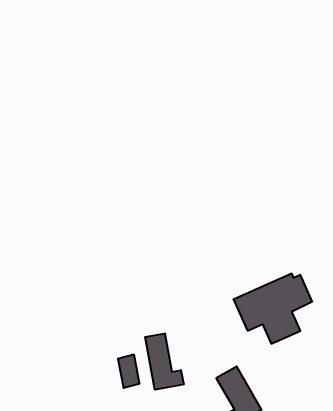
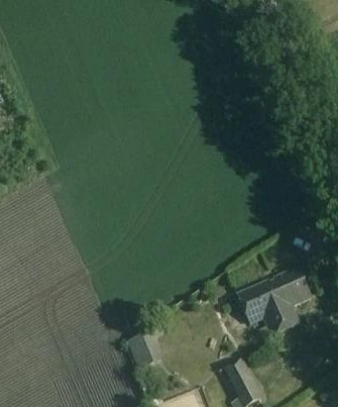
building: [145,333,184,390] -> none

